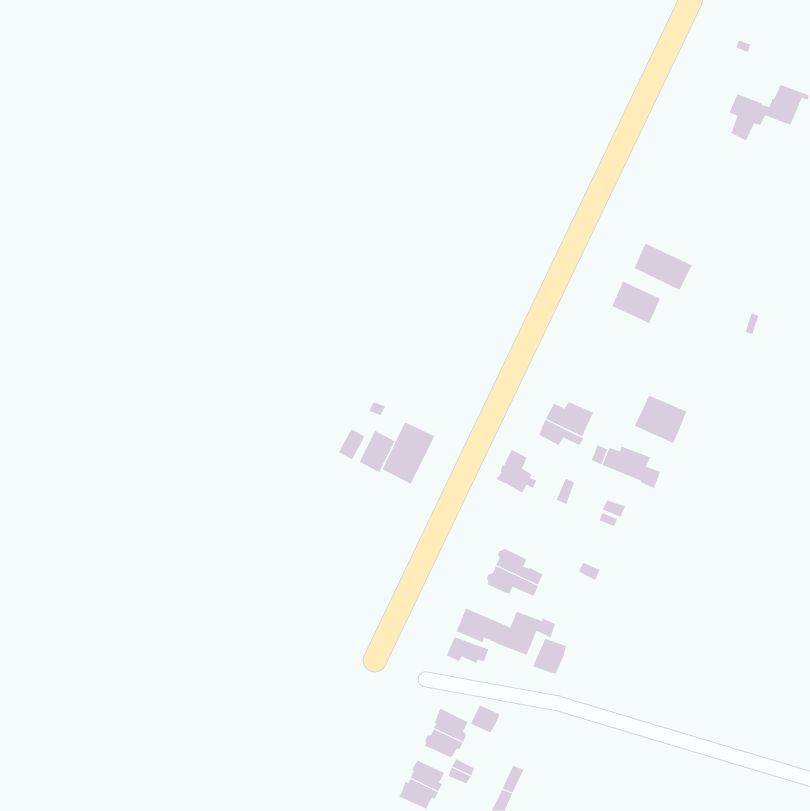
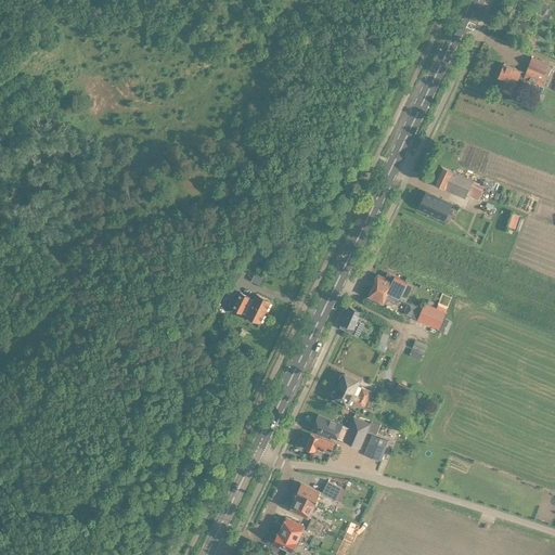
building: [634,395,687,444] -> none
building: [382,422,435,485] -> none

